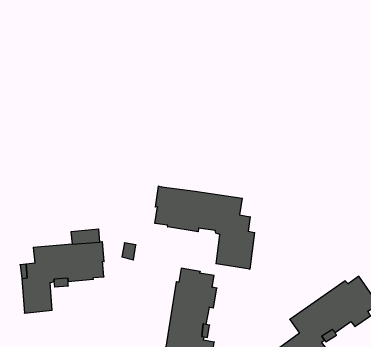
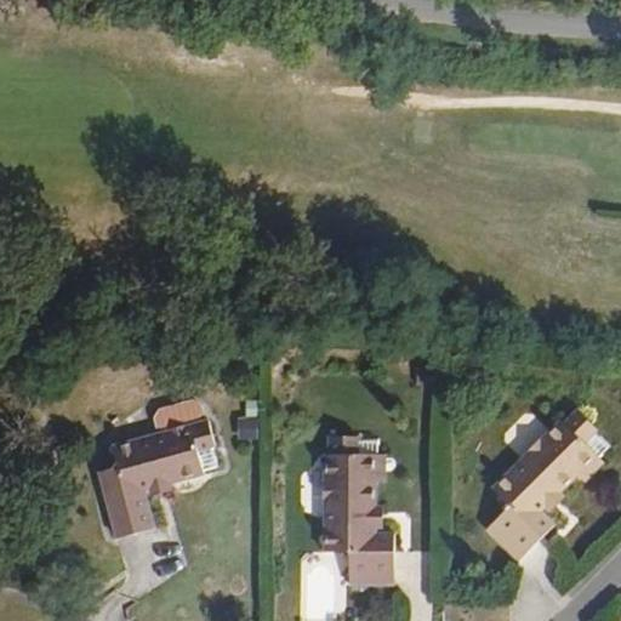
building: [155,186,255,269] -> none

